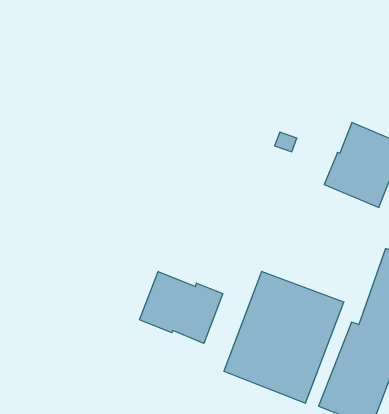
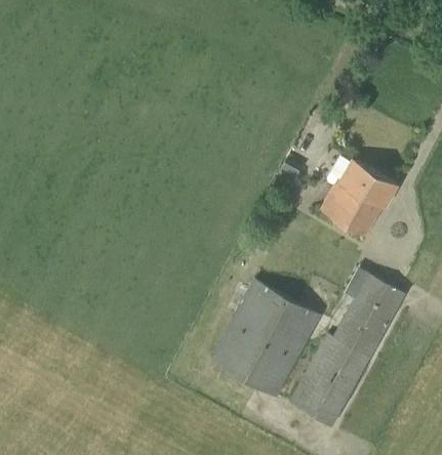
building: [139,271,223,343] -> none

